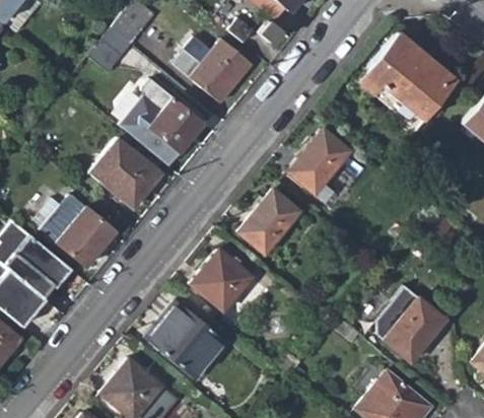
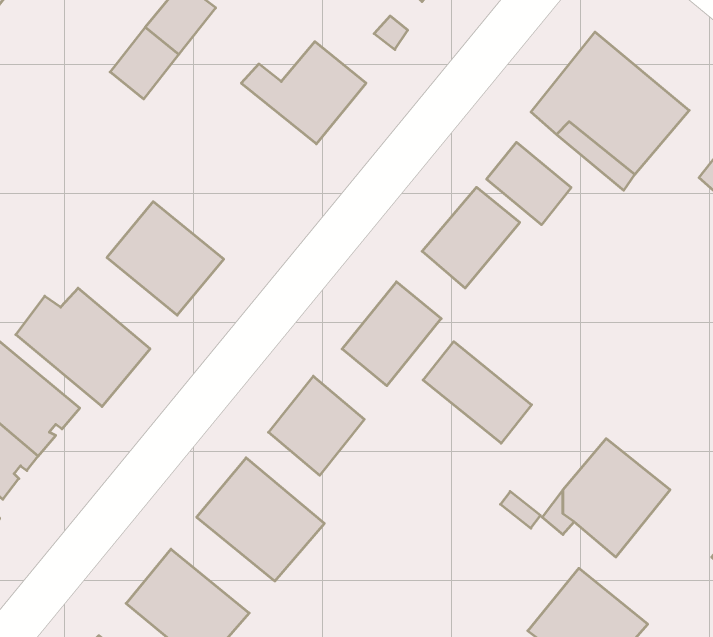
building: [120,79,204,165] -> none
building: none -> [487,142,571,225]
building: none -> [423,342,532,443]

